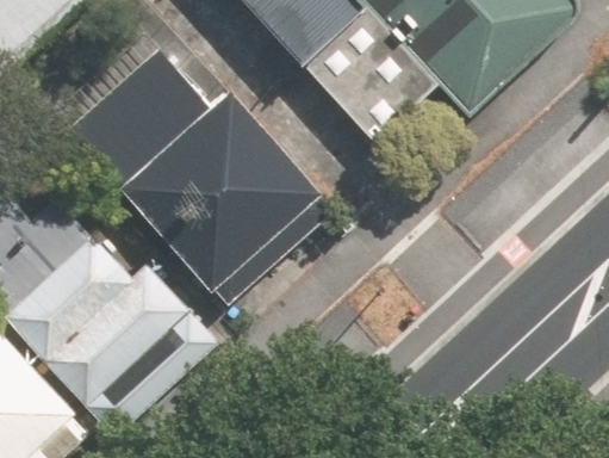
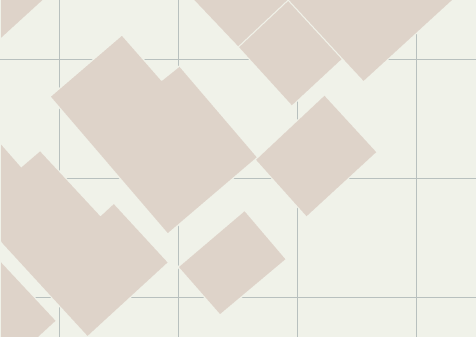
building: none -> [255,95,377,217]
building: none -> [178,210,287,315]

